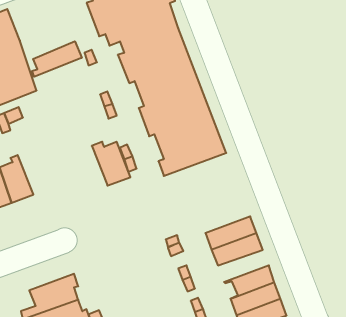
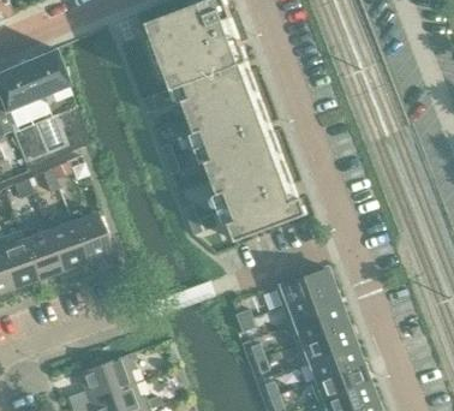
building: [32,41,82,77] -> none
building: [92,142,130,186] -> [65,213,109,263]
building: none -> [274,269,333,308]
building: none -> [295,327,354,364]

